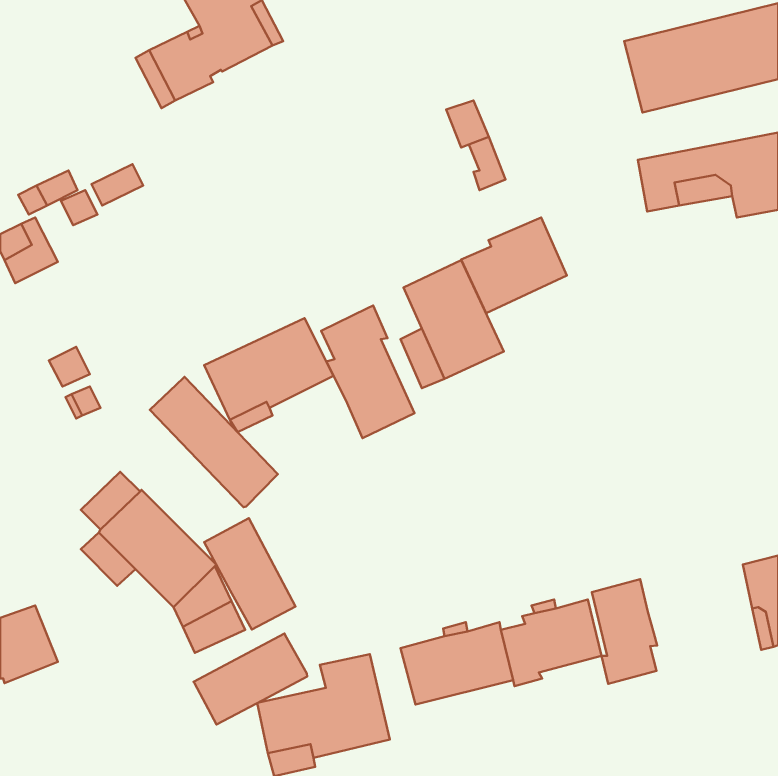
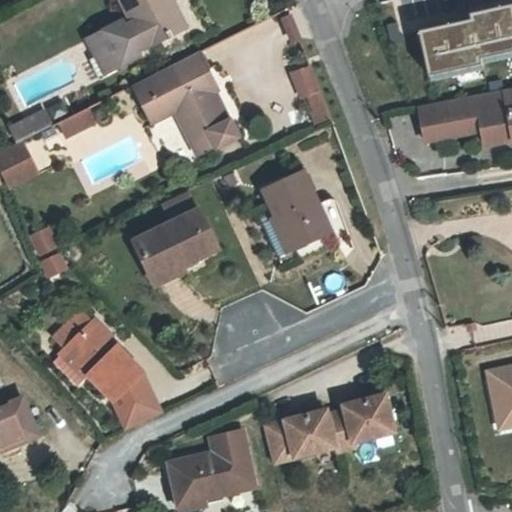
building: none -> [135,52,238,155]
building: [461,218,567,313] -> none
building: [321,306,414,438] -> none
building: [150,377,278,507] -> none
building: [204,518,296,629] -> none
building: [592,579,657,684] -> none
building: [194,633,307,725] -> none

